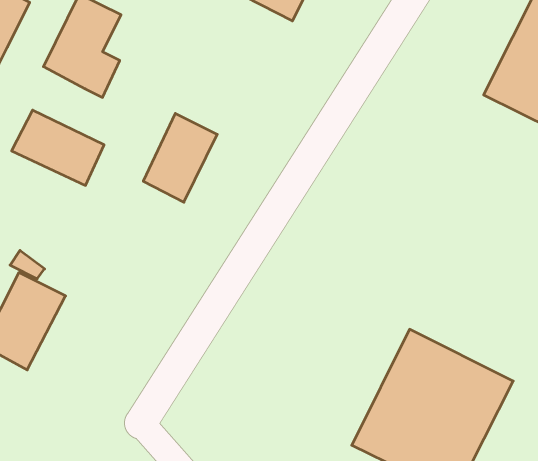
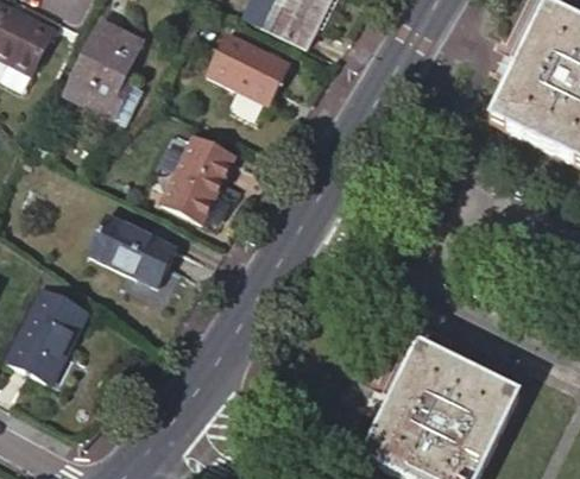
building: none -> [207,32,288,103]
building: [12,110,104,185] -> [87,213,176,285]

